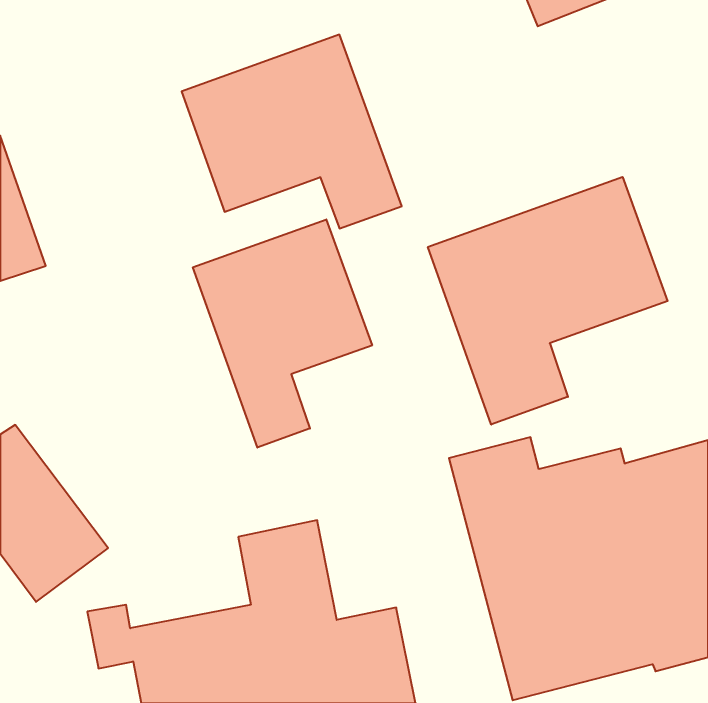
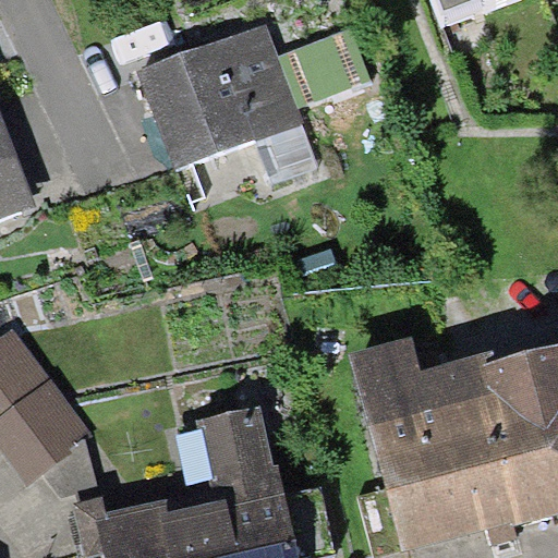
building: [428,177,668,425] -> none
building: [193,219,372,448] -> none

